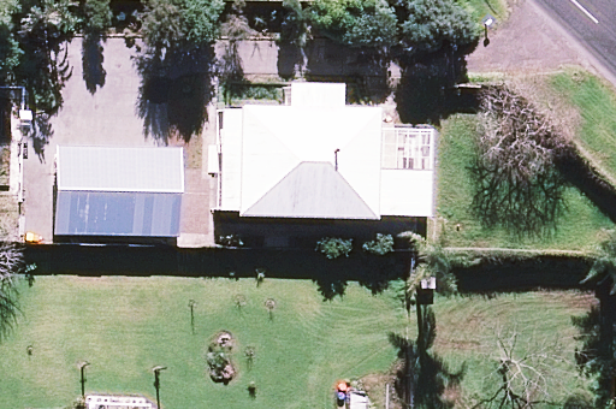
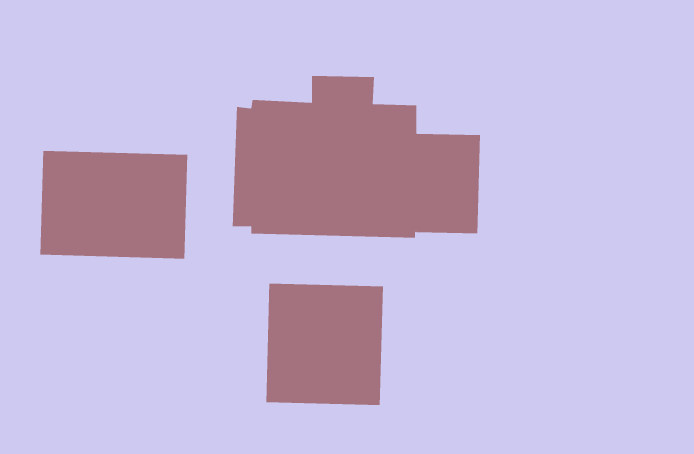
building: none -> [266,283,383,406]

